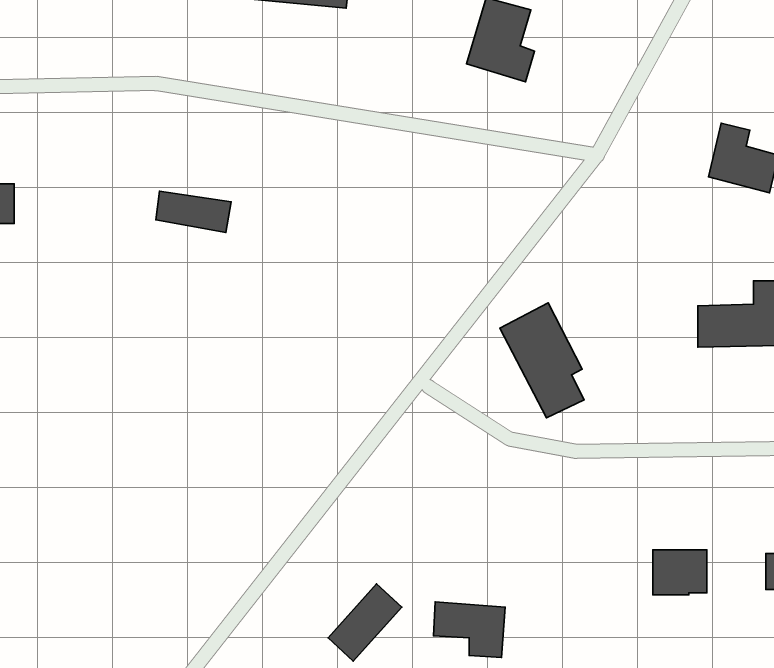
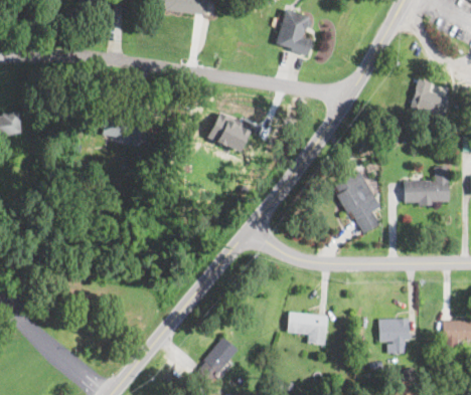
building: none -> [208,113,253,153]
building: [500,303,584,418] -> [334,171,381,235]
building: [433,602,505,657] -> [288,313,328,344]

